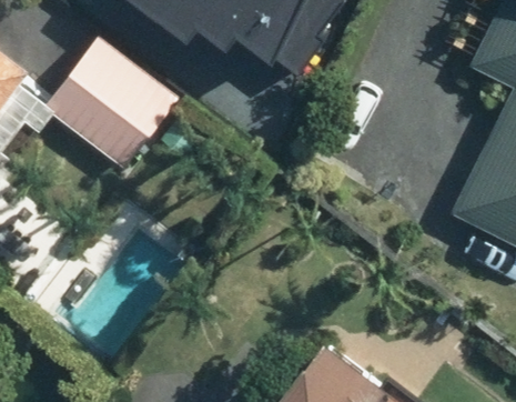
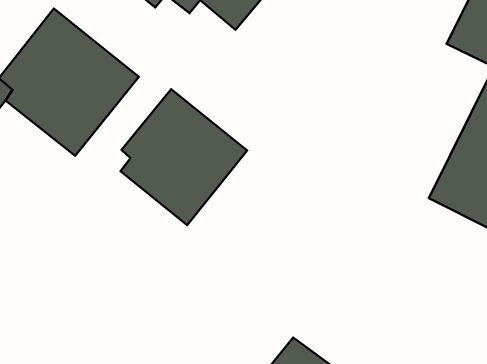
building: none -> [121,89,247,225]

